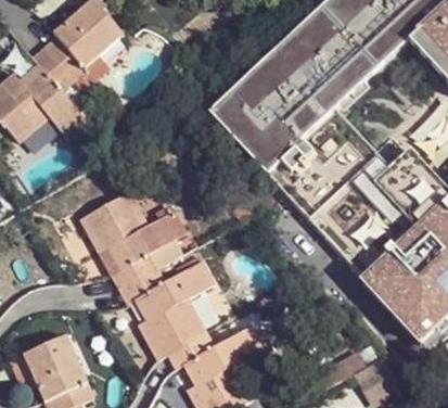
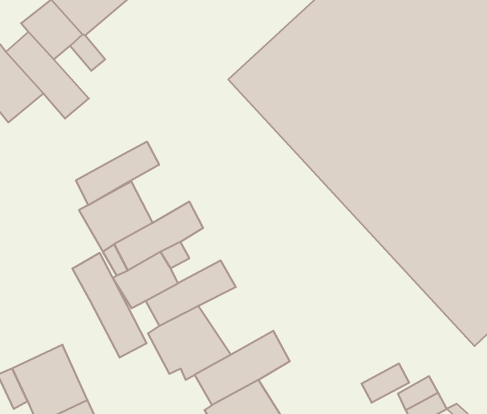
building: none -> [76,142,159,205]
building: none -> [72,253,147,358]

